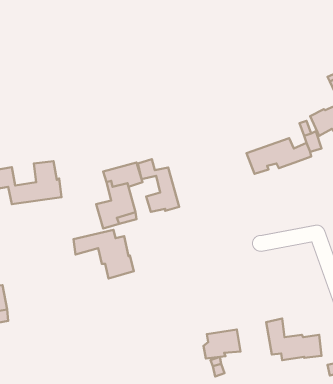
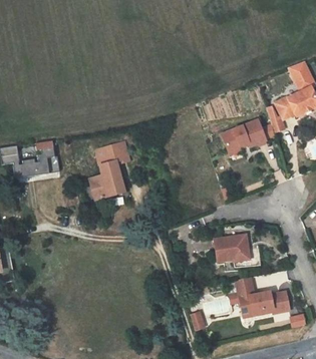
building: [138,159,179,212] -> none
building: [73,230,134,278] -> none
building: [203,330,240,358] -> [216,237,248,262]

